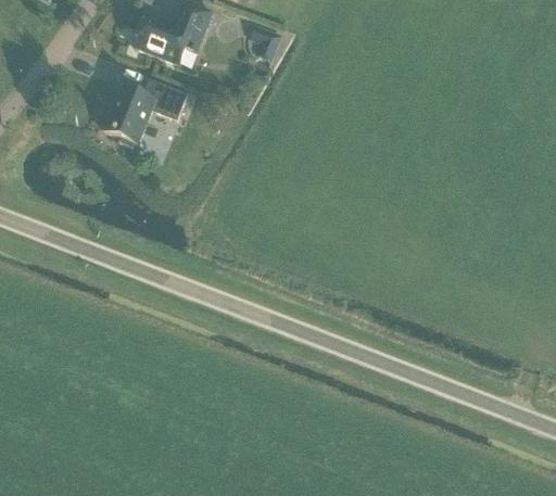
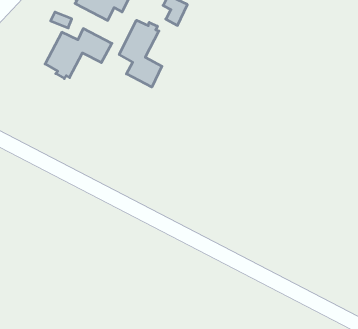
building: none -> [119,20,162,87]

